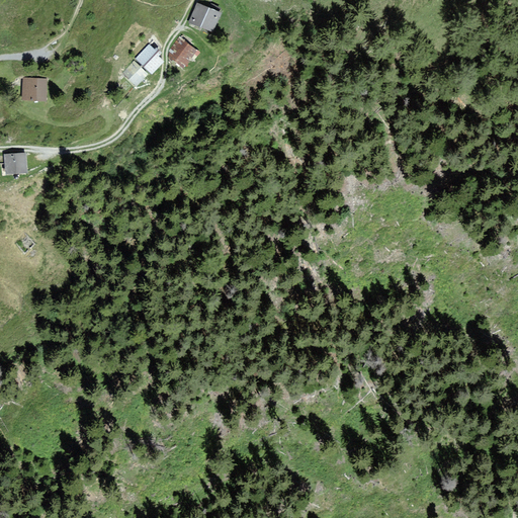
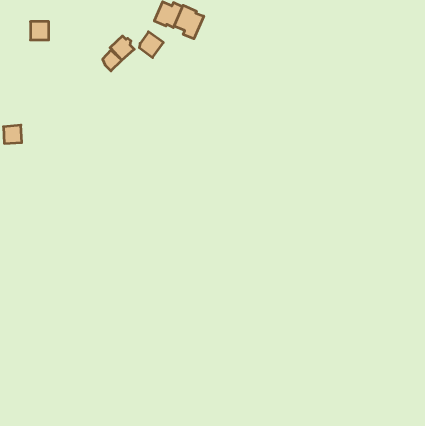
building: none -> [174,5,204,39]
building: [22,78,45,100] -> [30,22,49,40]

